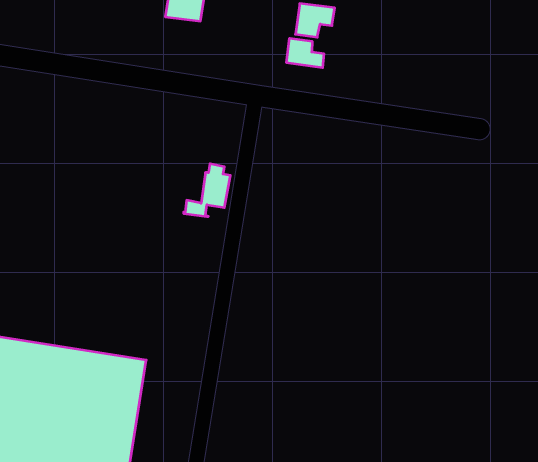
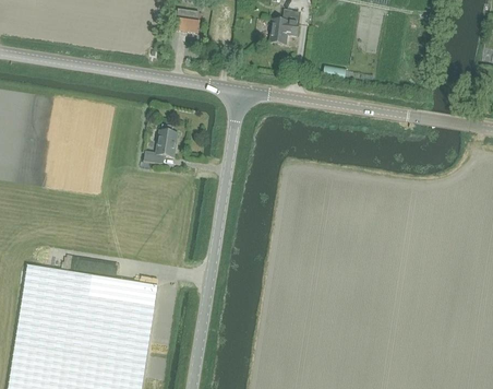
building: [287,38,324,68] -> none
building: [184,164,230,216] -> [143,122,178,162]

